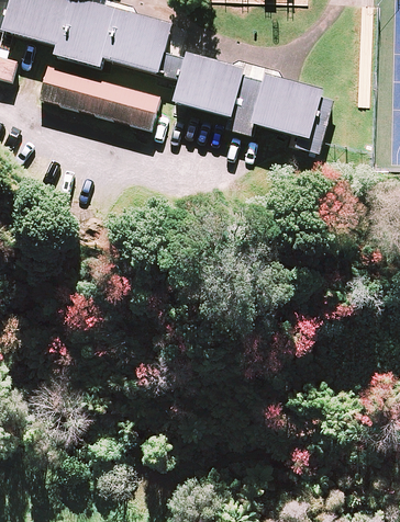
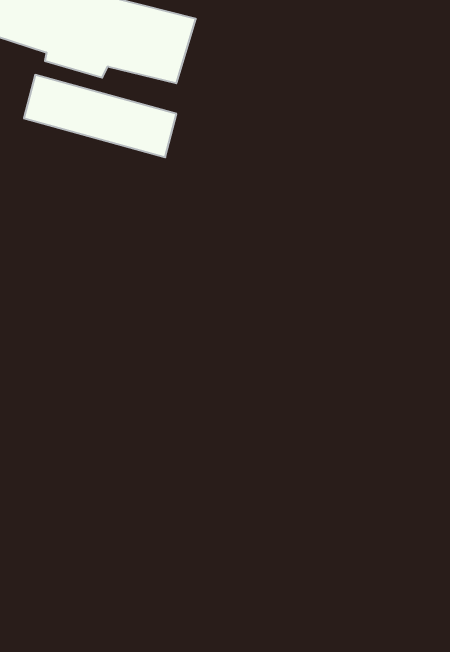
building: [171,52,241,116] -> none
building: [251,72,332,150] -> none

